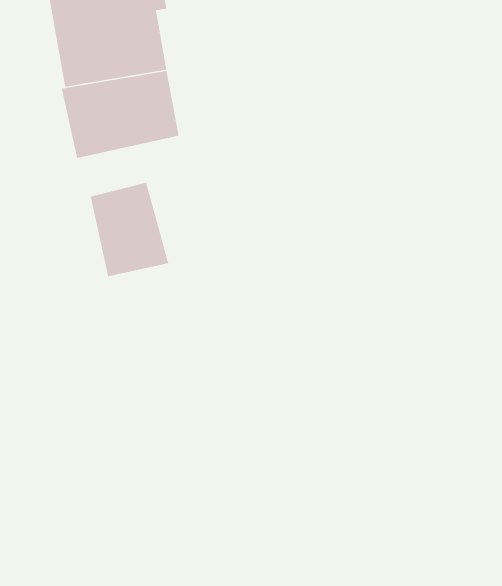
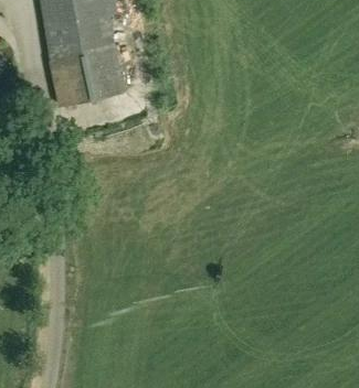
building: [90,182,170,277] -> none

